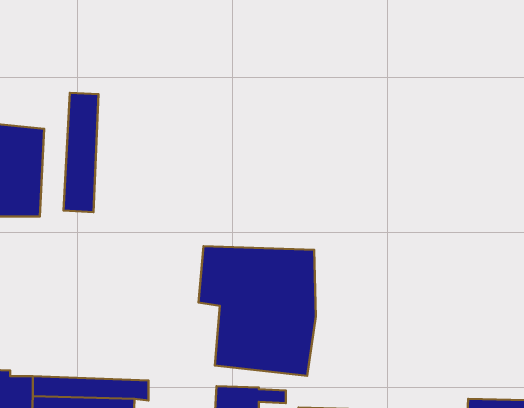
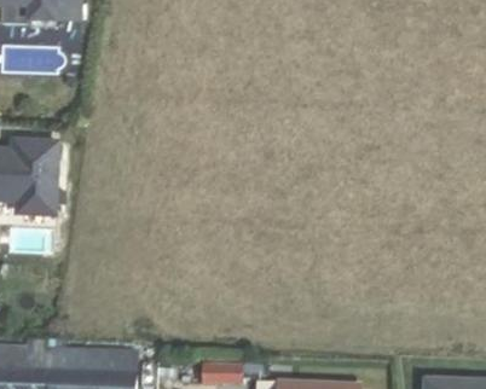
building: [64,93,99,212] -> none
building: [199,246,316,376] -> none

